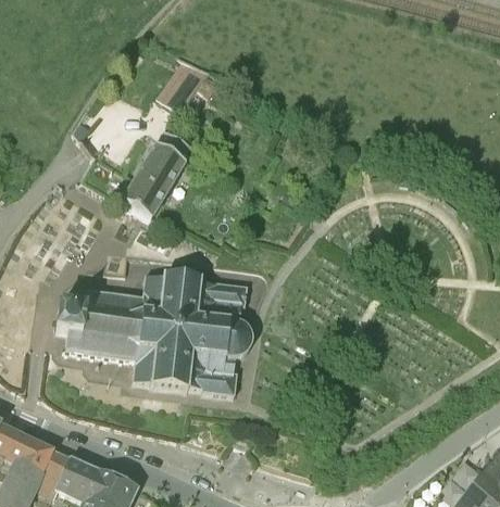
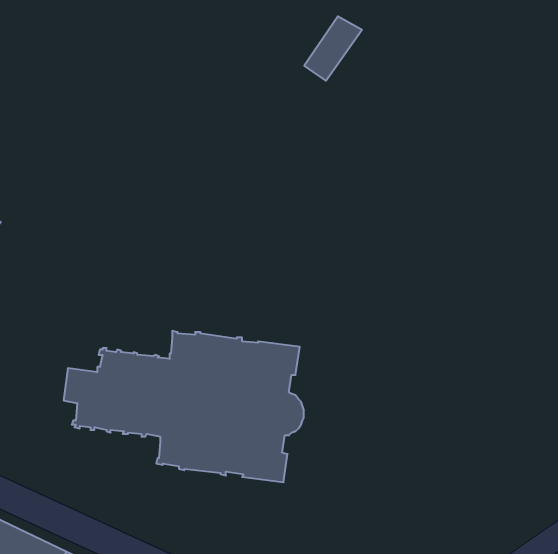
building: [161,61,208,113] -> [304,16,362,81]
building: [121,130,195,220] -> none

